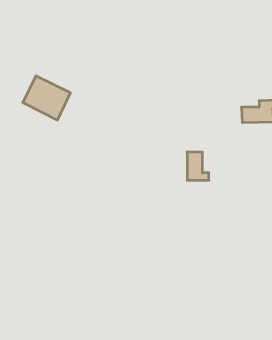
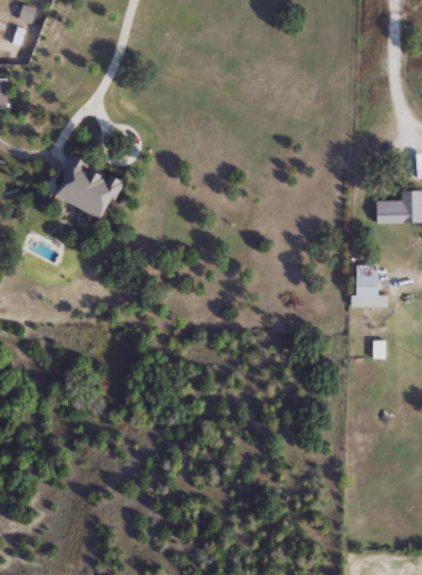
building: [187,152,209,180] -> [354,265,386,307]

